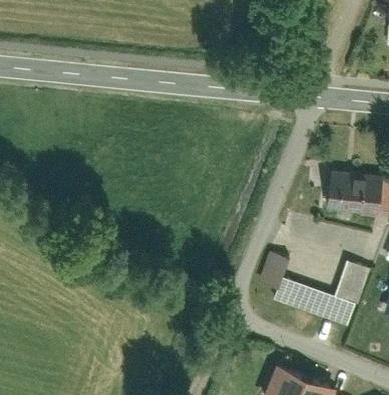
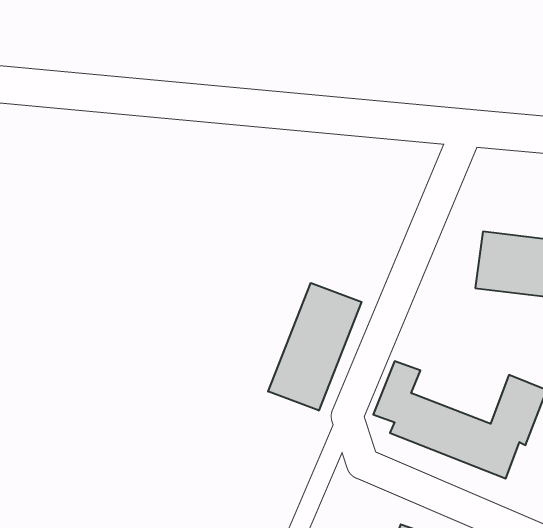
building: none -> [268,283,362,411]

